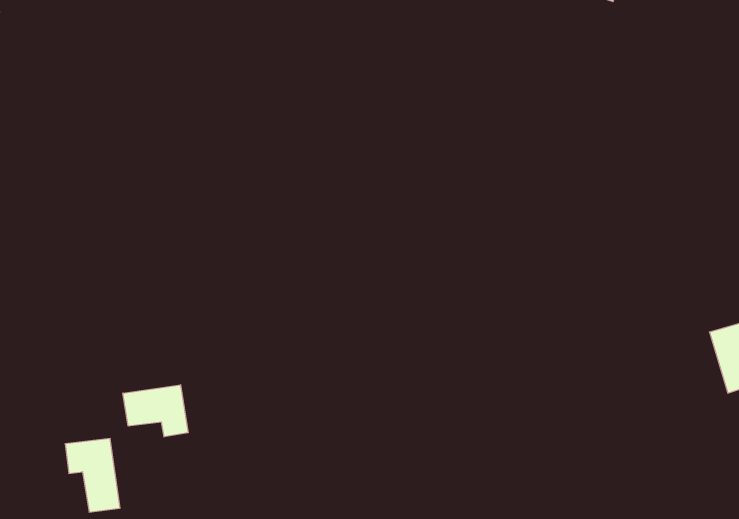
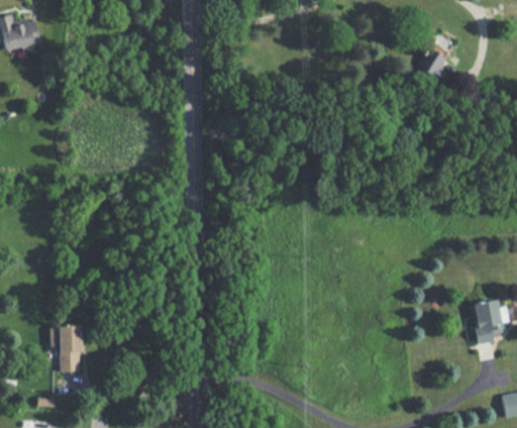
building: [123,385,188,437] -> none

